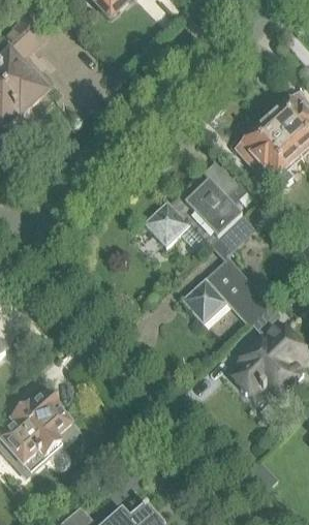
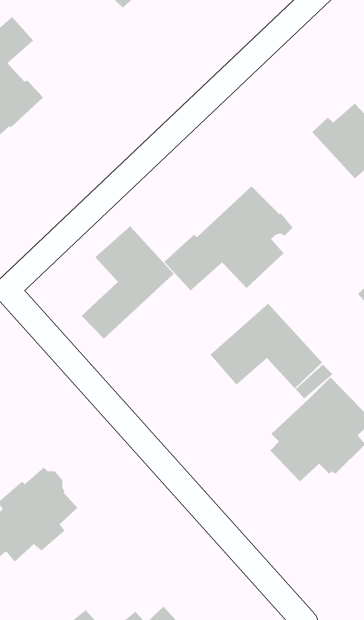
building: [238,119,299,186] -> none
building: none -> [81,225,174,339]
building: [211,217,255,260] -> none

